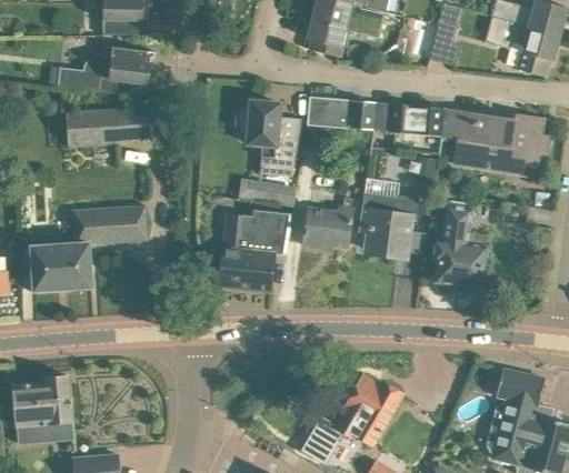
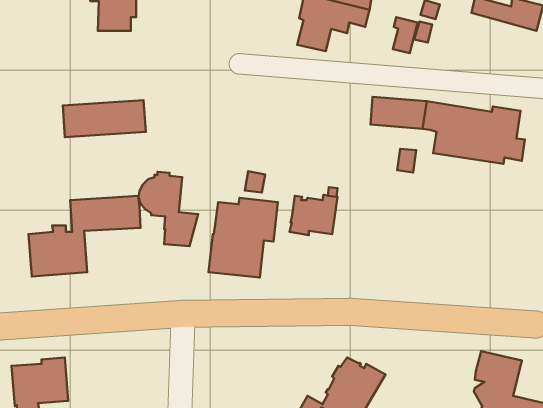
building: [485,16,560,77] -> none
building: [57,46,156,94] -> none
building: [307,97,389,132] -> none
building: [233,98,296,175] -> [138,172,198,246]
building: [358,178,418,260] -> none
building: [433,204,485,286] -> none

